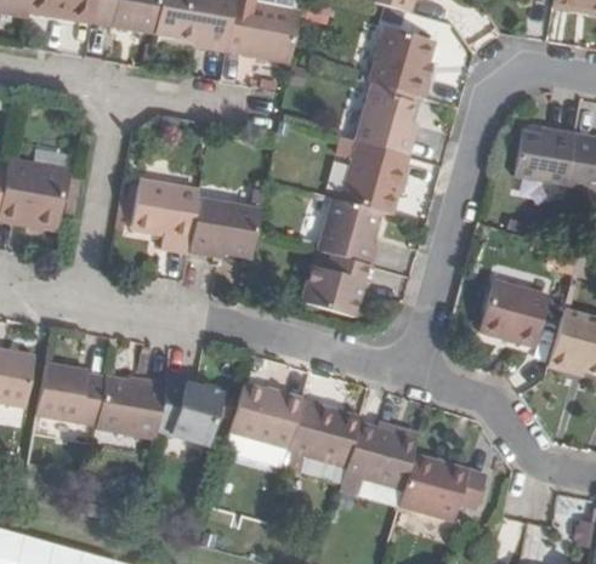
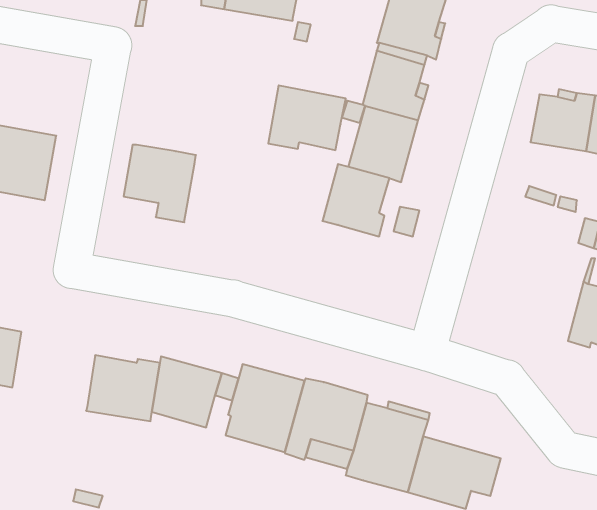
building: [188,196,261,257] -> [268,85,346,150]
building: [300,253,371,317] -> none
building: [478,278,550,344] -> none
building: [36,363,104,425] -> none

